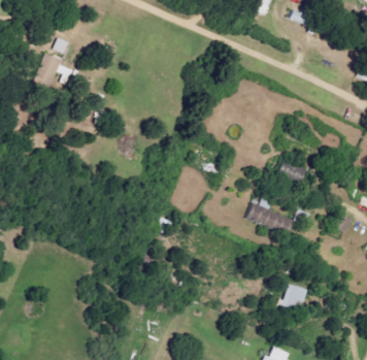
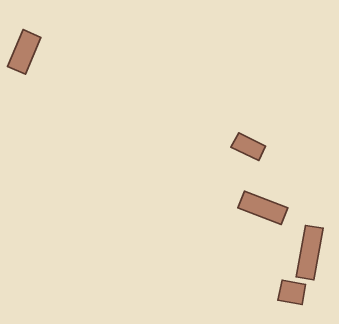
building: [275,158,307,184] -> [231,133,265,161]
building: none -> [296,225,323,280]

